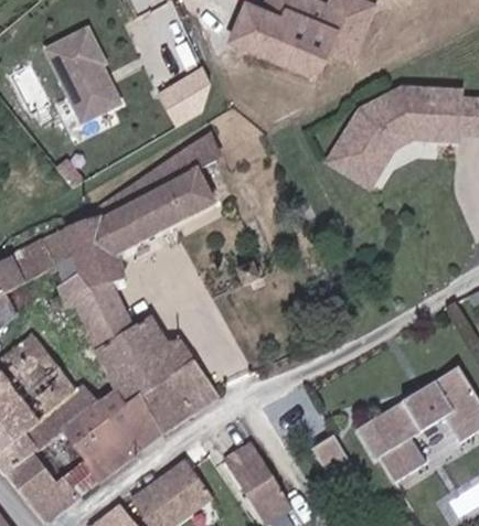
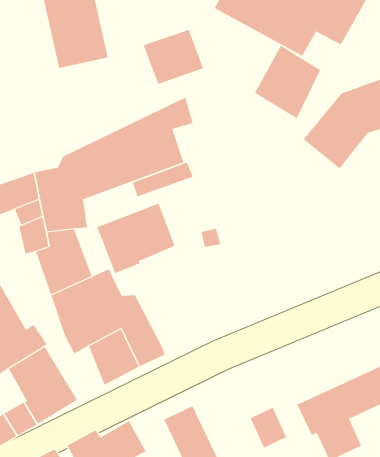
building: none -> [254,45,321,119]
building: none -> [96,203,175,274]
building: [96,389,160,452] -> none

